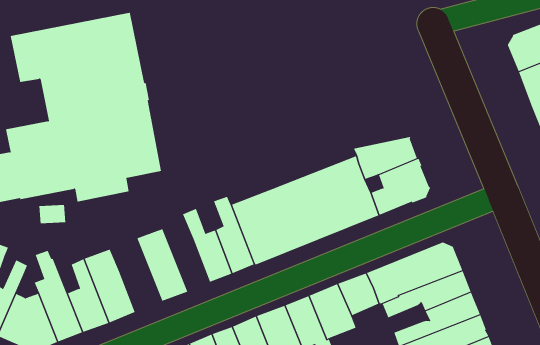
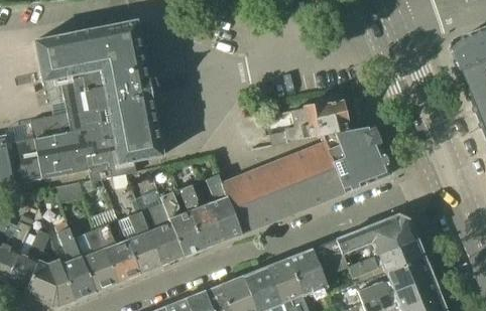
building: none -> [269,101,350,146]
building: none -> [160,193,202,257]
building: none -> [118,199,161,274]

